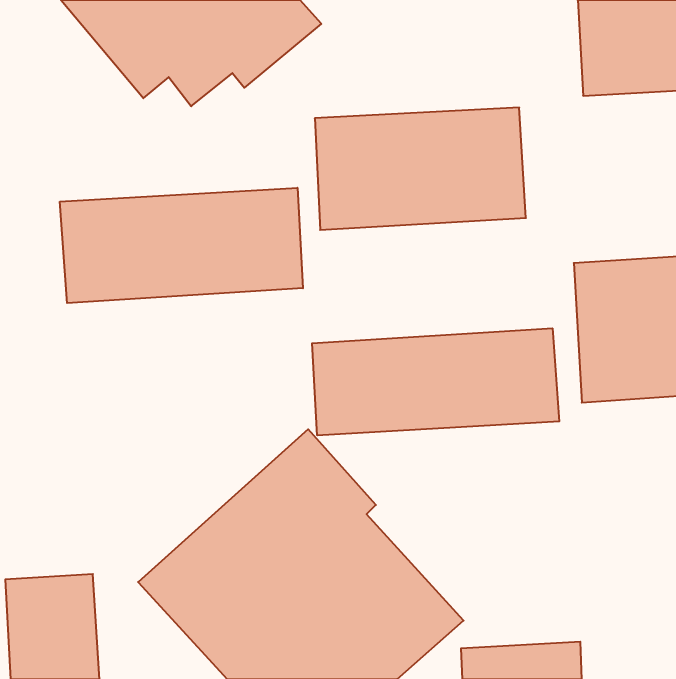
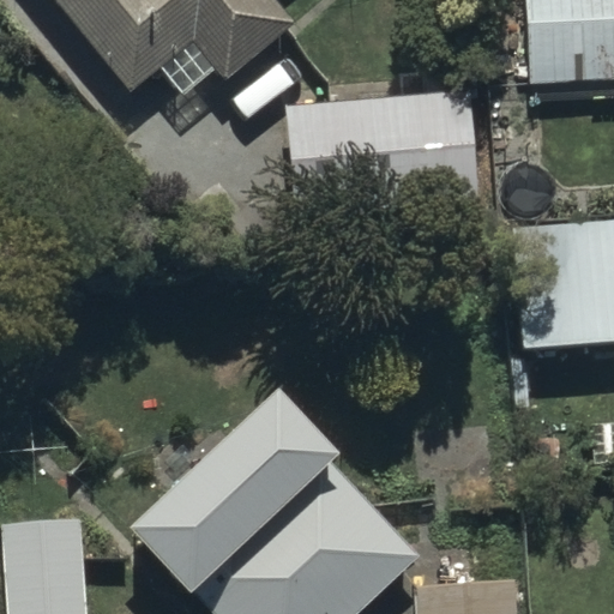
building: [60,188,303,303] -> none
building: [312,328,559,435] -> none

